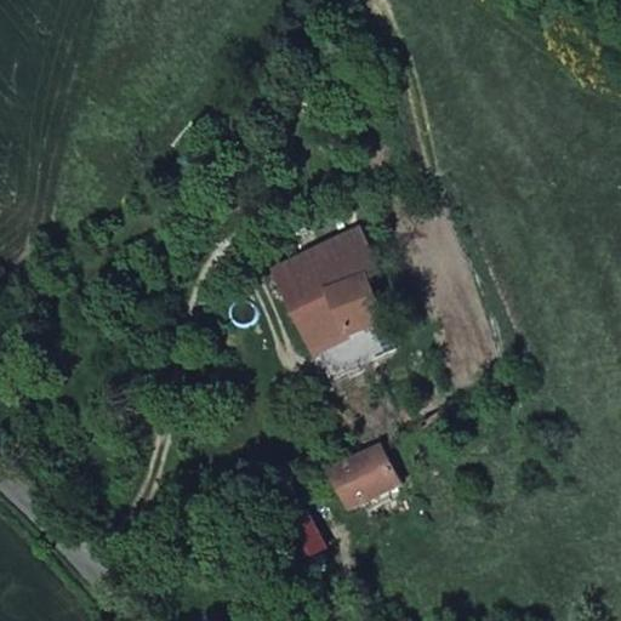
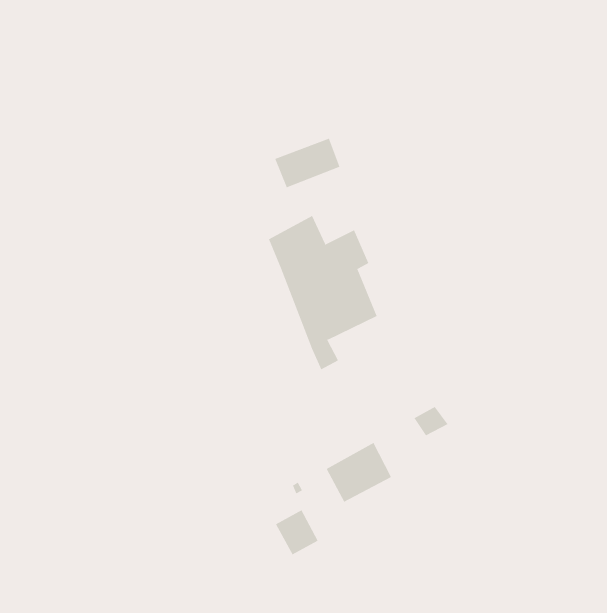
building: none -> [274,138,340,188]

